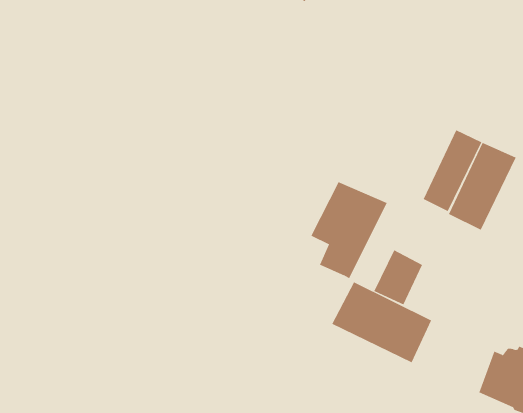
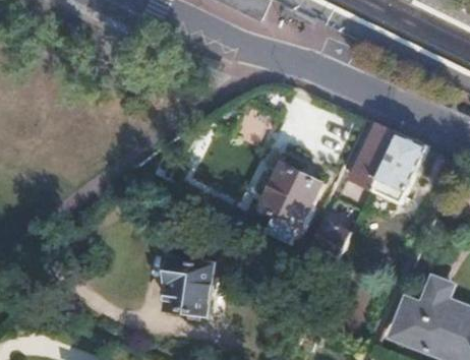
building: [332,282,432,363] -> none
building: none -> [165,258,209,311]

